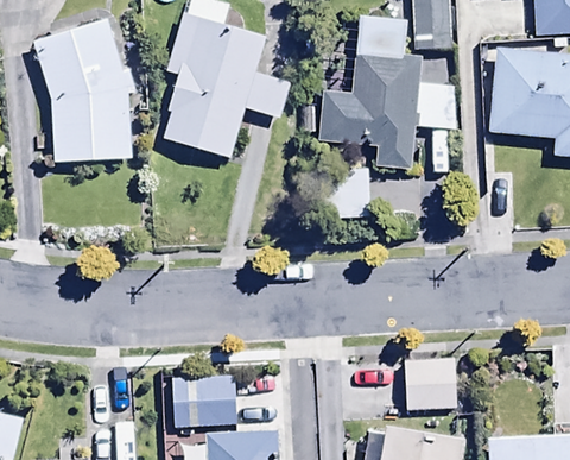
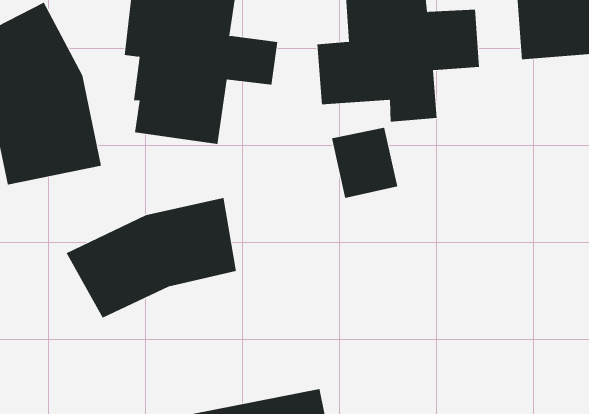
building: none -> [66,197,236,319]
building: [404,357,457,408] -> none

